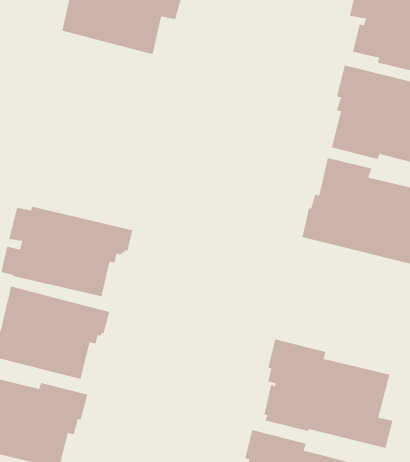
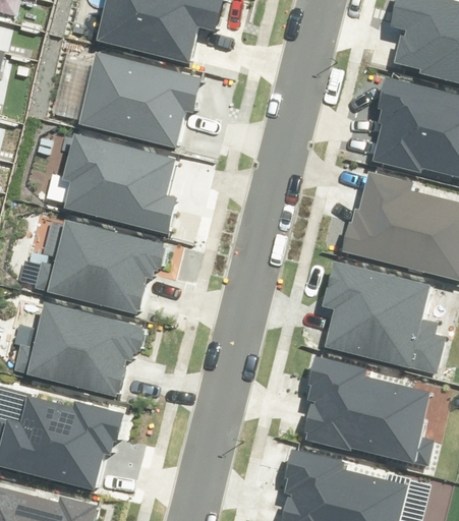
building: none -> [77,52,205,150]
building: none -> [63,133,178,234]
building: none -> [322,260,445,373]

